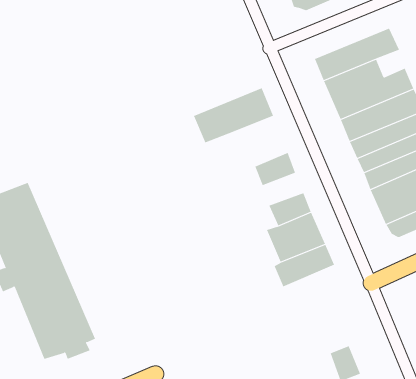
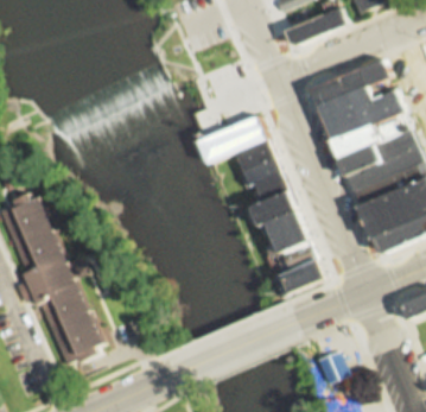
building: none -> [236,140,285,188]
building: none -> [252,192,299,226]

